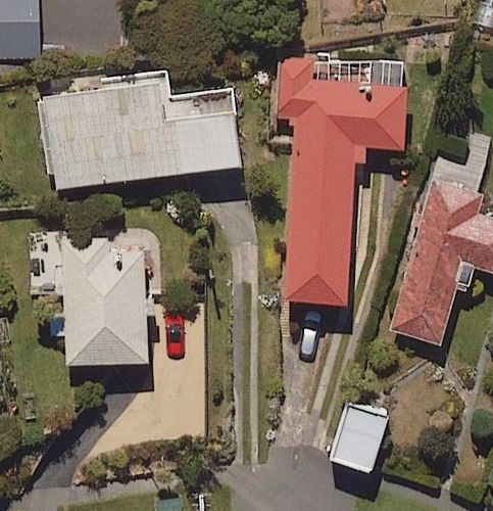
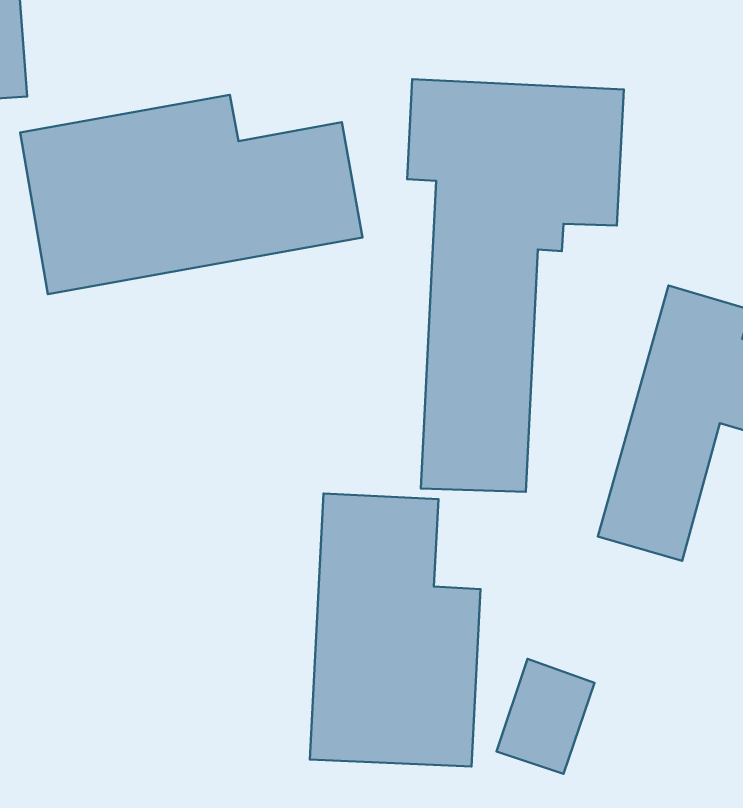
building: [61,239,158,366] -> none
building: none -> [310,494,480,766]

